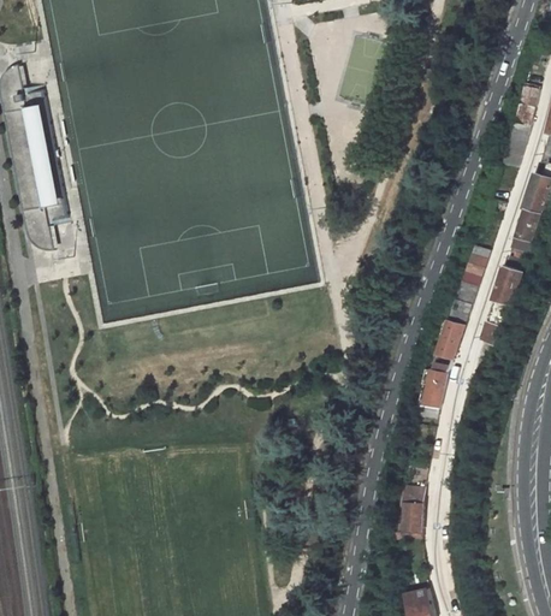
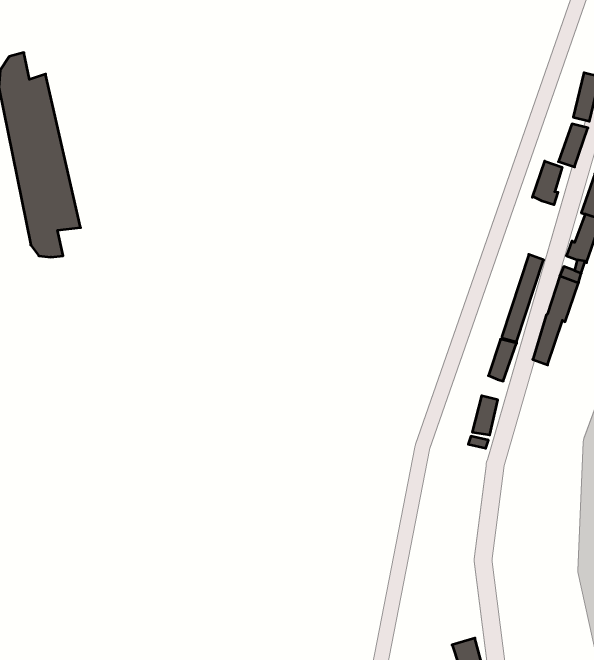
building: none -> [532,161,562,205]
building: [405,487,425,532] -> none

